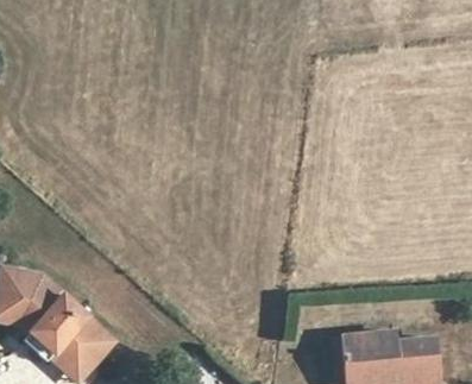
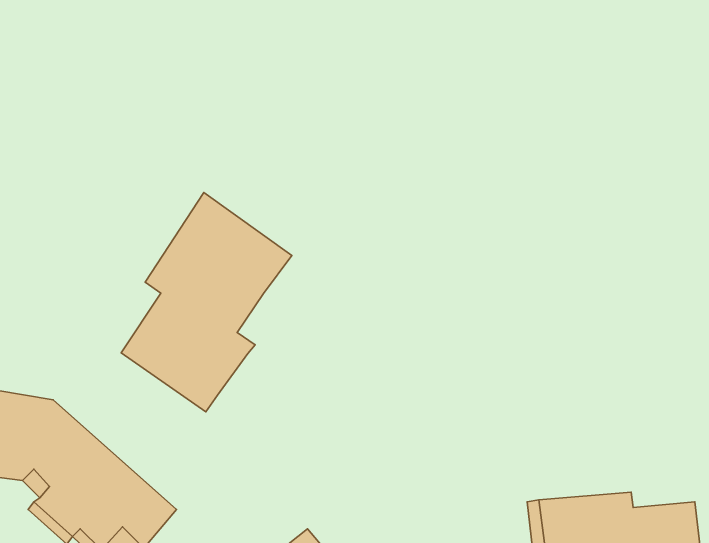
building: none -> [121,192,292,412]

